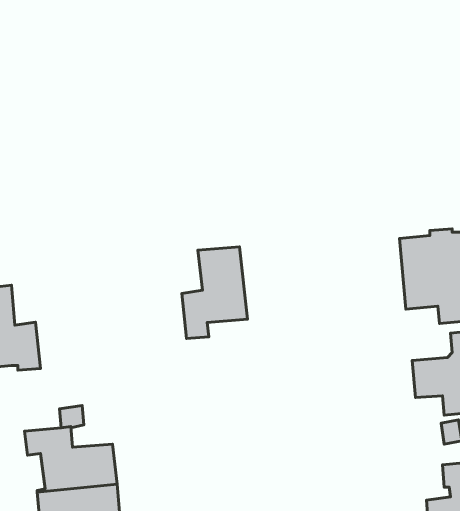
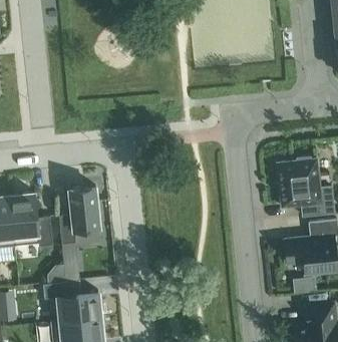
building: [182,247,247,338] -> [58,187,99,244]

